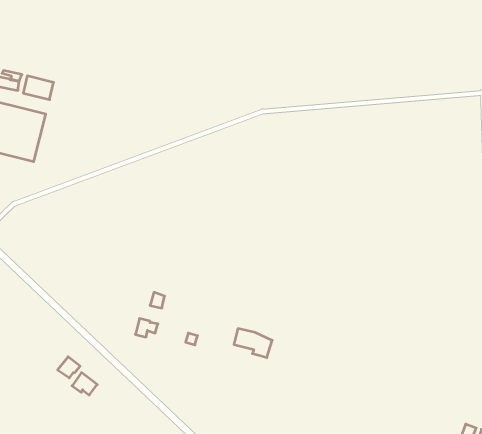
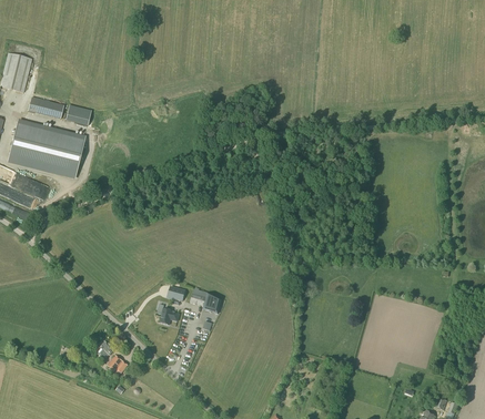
building: [234,329,272,358] -> [190,289,222,314]

